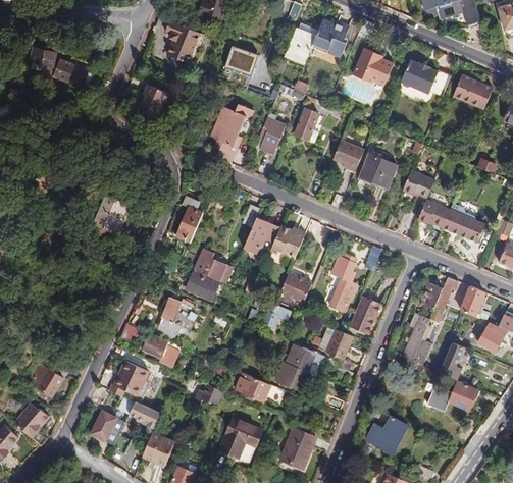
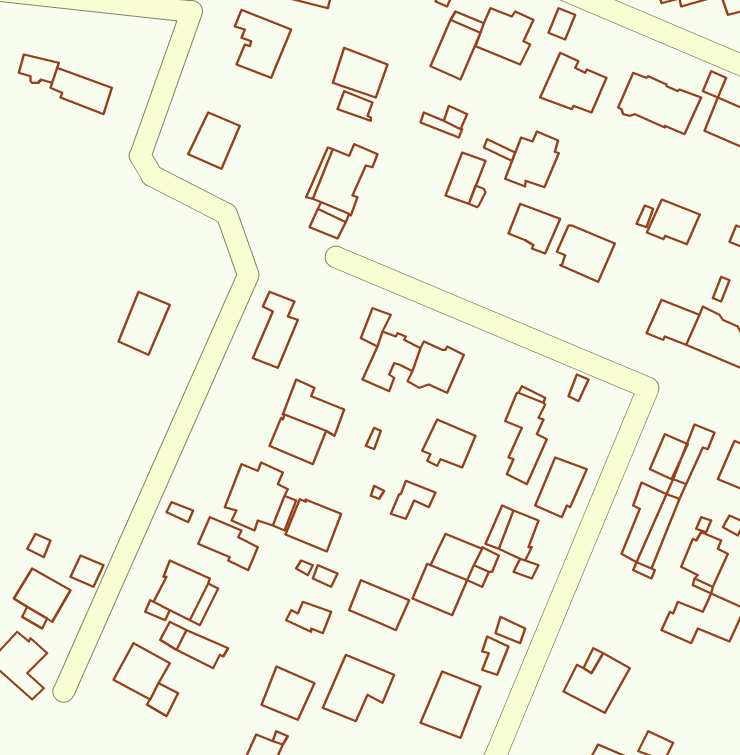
building: none -> [505,132,559,187]
building: [258,113,285,155] -> none
building: [402,170,434,198] -> [647,199,700,244]
building: none -> [285,499,341,552]
building: [142,433,174,466] -> [261,667,315,720]

